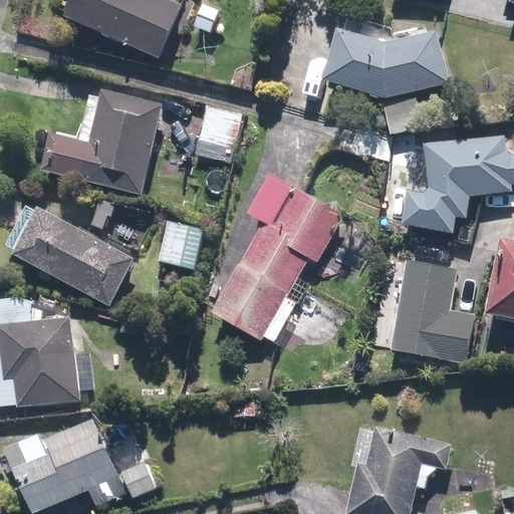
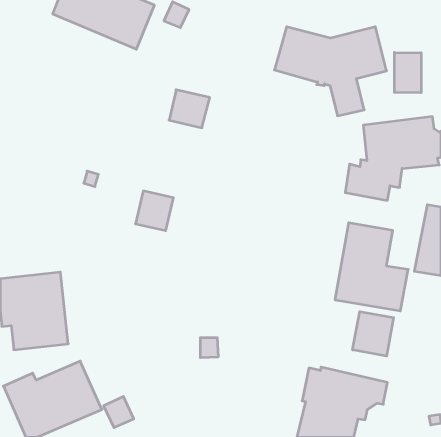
building: none -> [394,52,421,93]
building: [39,89,163,194] -> none
building: [210,176,341,340] -> none
building: [11,208,133,304] -> none
building: none -> [353,312,394,356]

